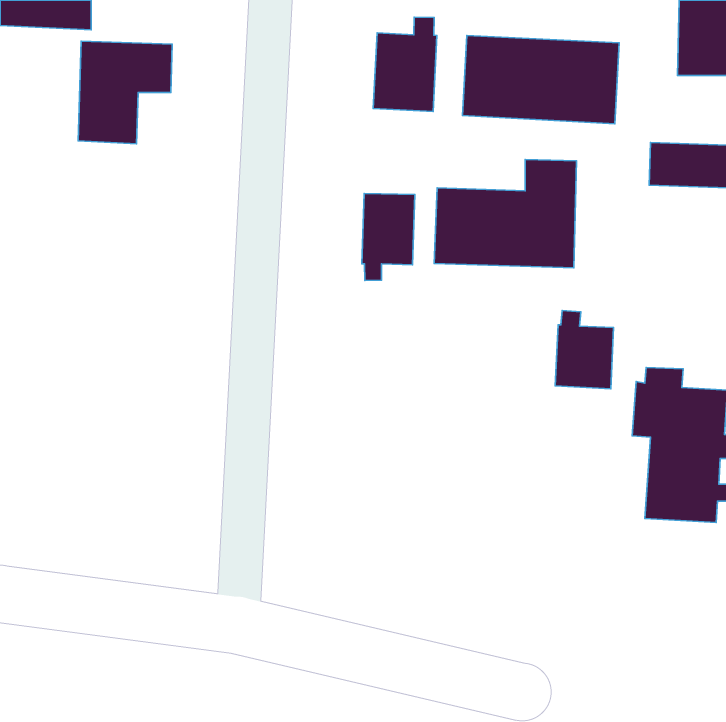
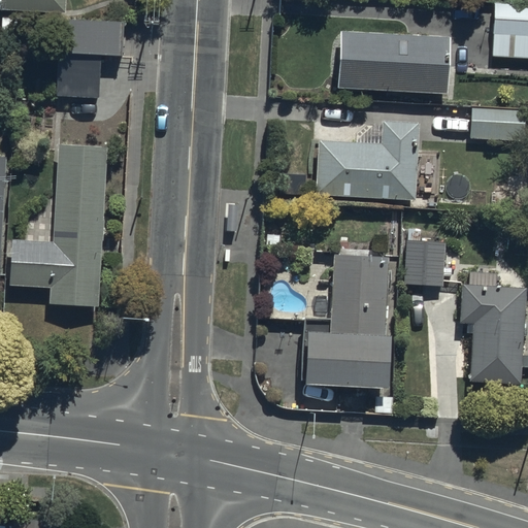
building: [373,17,437,111] -> none
building: [362,193,415,280] -> none
building: none -> [12,157,107,319]
building: none -> [304,251,389,383]

